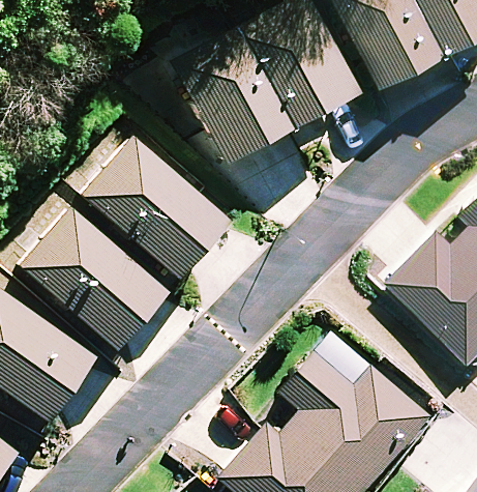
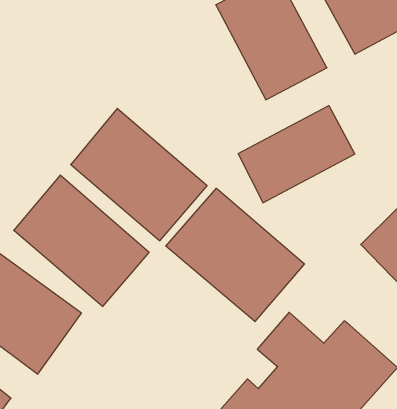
building: [170,25,292,163] -> none
building: none -> [238,106,355,203]
building: none -> [166,188,304,322]

